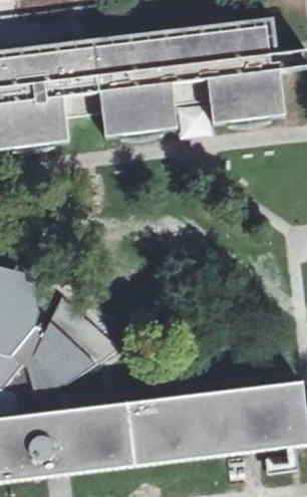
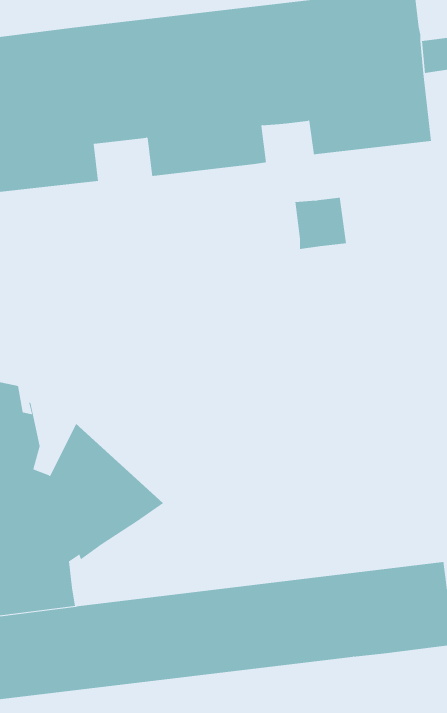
building: [183,101,217,136] -> [294,197,347,250]

